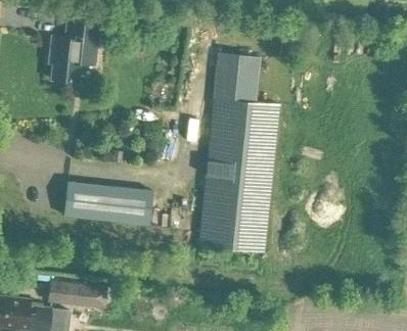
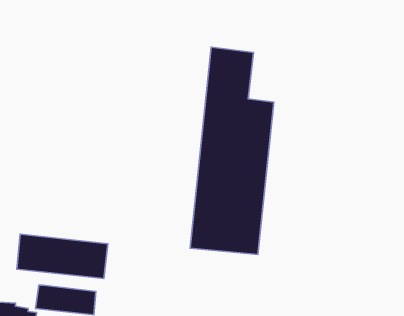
building: [50,15,100,83] -> none
building: [64,183,152,226] -> [17,234,108,279]

